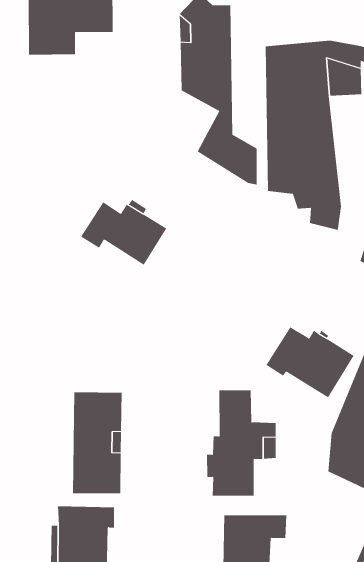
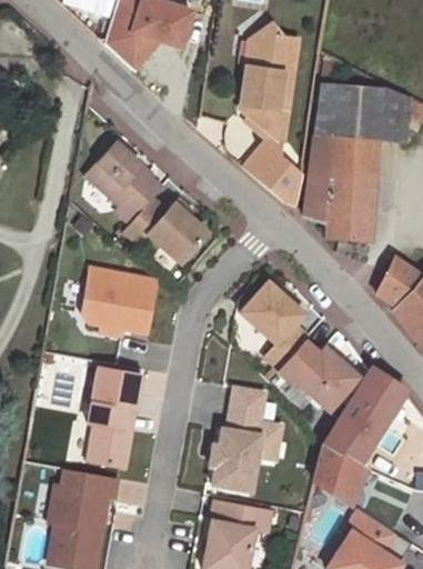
building: none -> [87,143,163,223]
building: none -> [240,282,308,370]
building: none -> [82,268,157,336]

